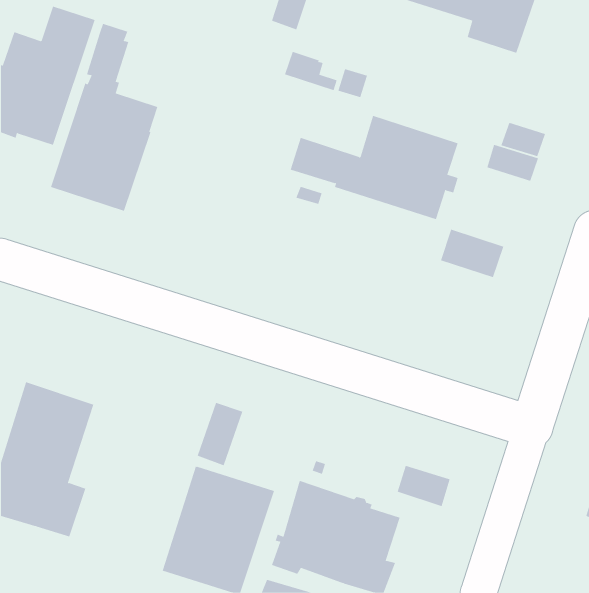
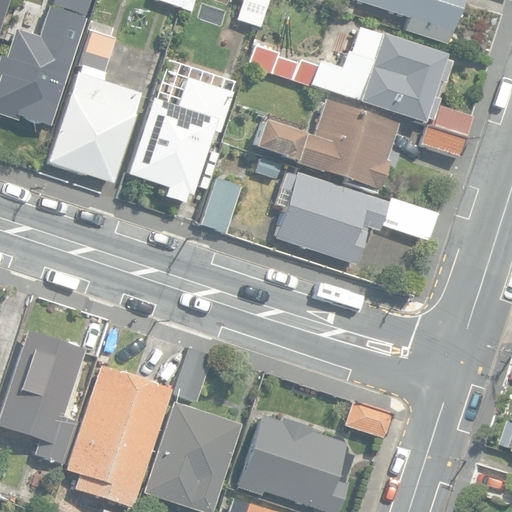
building: none -> [320,32,451,121]
building: none -> [128,44,219,202]
building: none -> [275,171,388,264]
building: none -> [202,175,244,232]
building: none -> [67,364,173,506]

